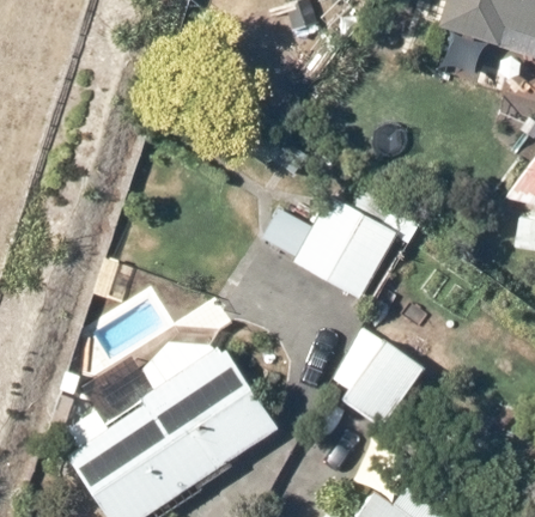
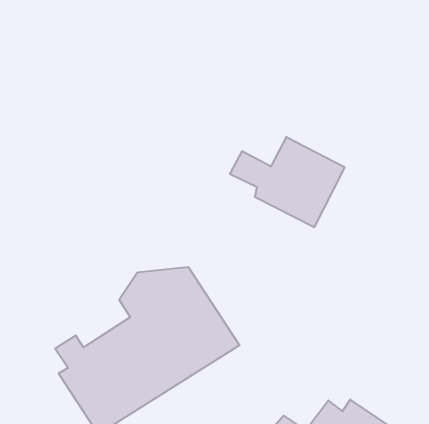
building: [330,330,426,428] -> none

